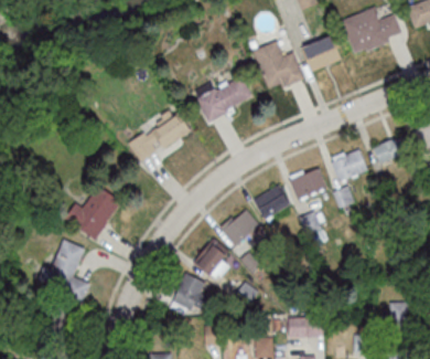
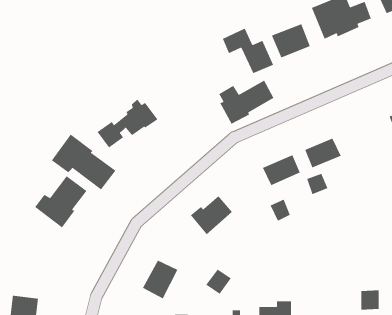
building: [194,77,250,123] -> [218,79,275,125]
building: [373,137,407,163] -> none
building: none -> [51,134,117,190]
building: [256,183,293,219] -> none
building: [37,241,88,303] -> none
building: [201,244,233,277] -> none

